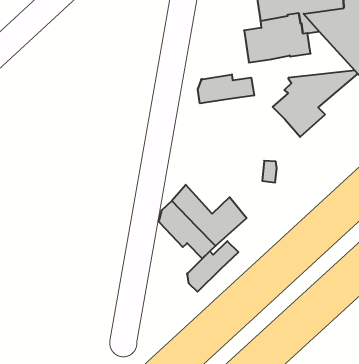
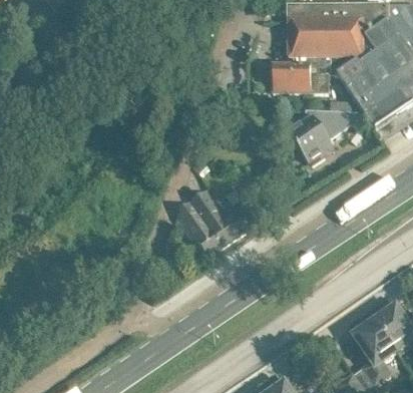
building: [198,74,254,103] -> none
building: [187,241,238,292] -> none

